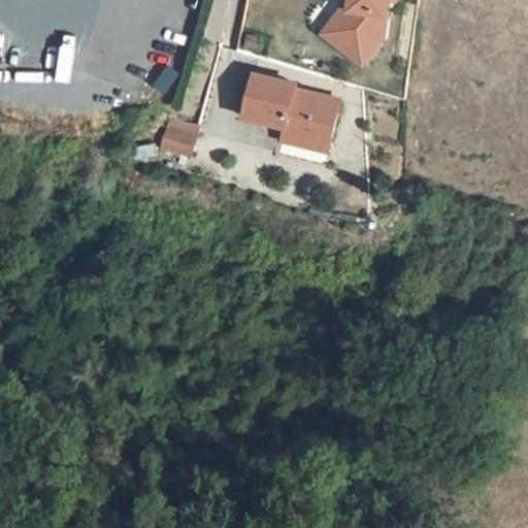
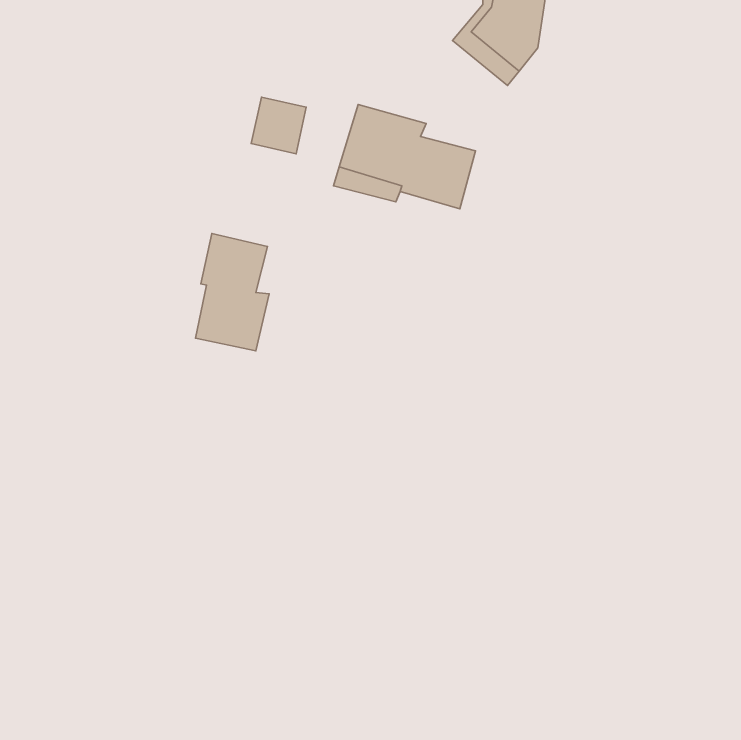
building: [160,116,199,156] -> [251,97,306,154]
building: none -> [195,234,269,351]

